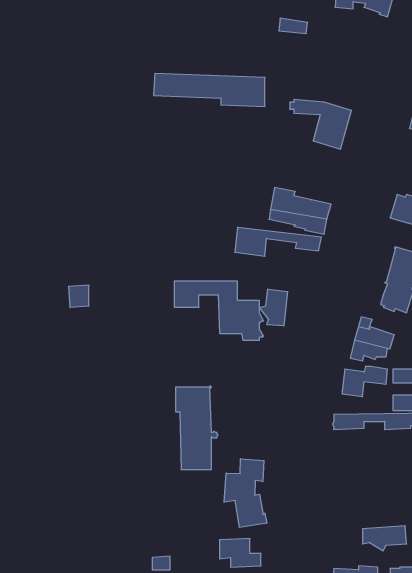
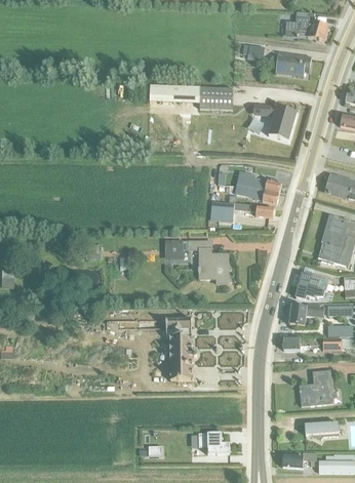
building: none -> [275,52,311,74]
building: [260,289,288,326] -> none
building: none -> [299,369,333,406]
building: [224,459,267,527] -> none

